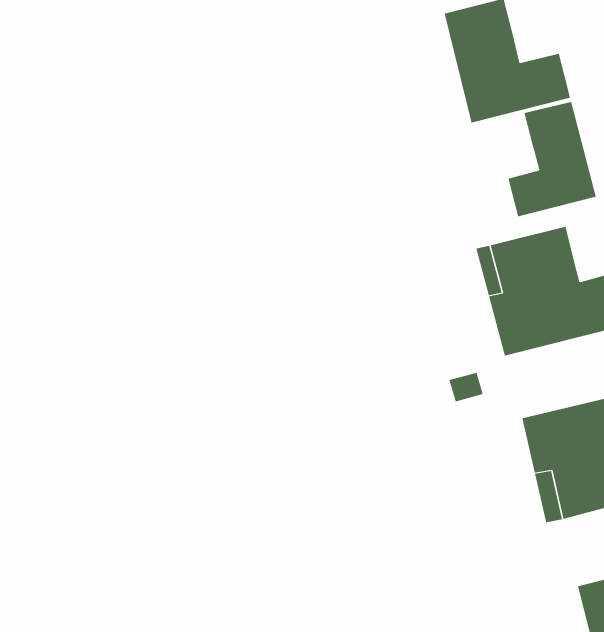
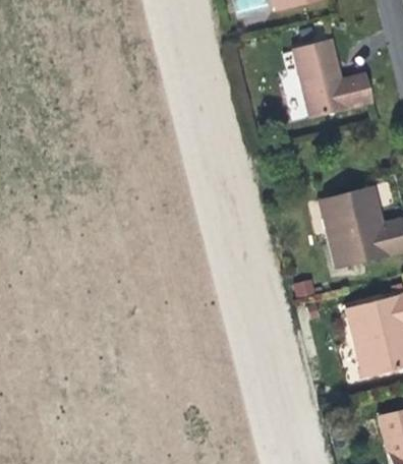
building: [508,101,597,217] -> none

